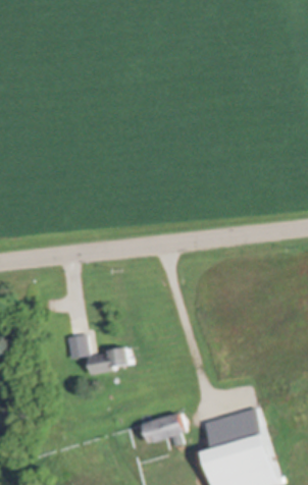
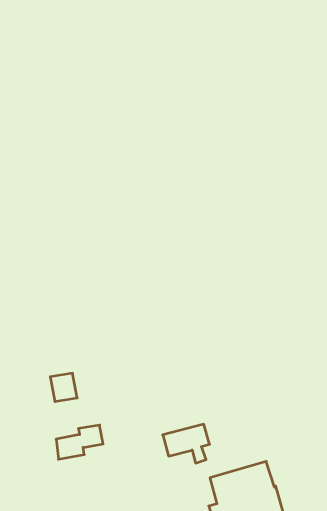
building: [88,344,129,374] -> [56,425,103,459]
building: [142,413,183,446] -> [163,424,210,463]

